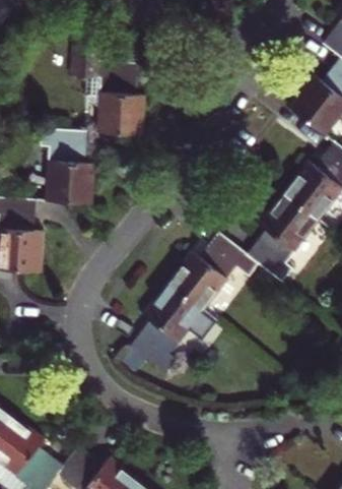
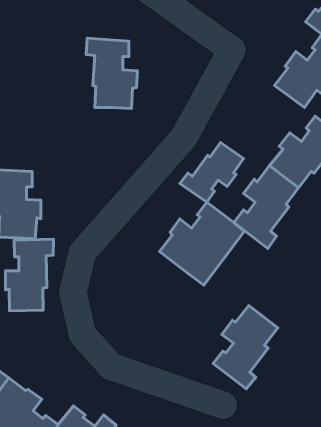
building: [41,129,95,202] -> none
building: none -> [180,142,244,202]
building: none -> [5,239,54,311]
building: [132,285,200,372] -> [213,306,278,389]

